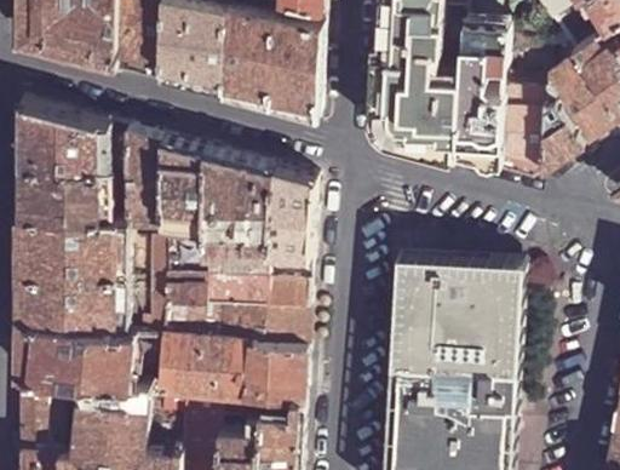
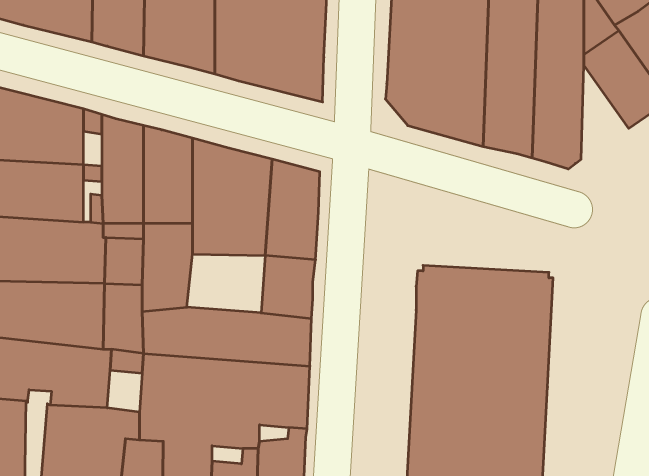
building: [540,85,581,166] -> none
building: [199,248,266,299] -> none

